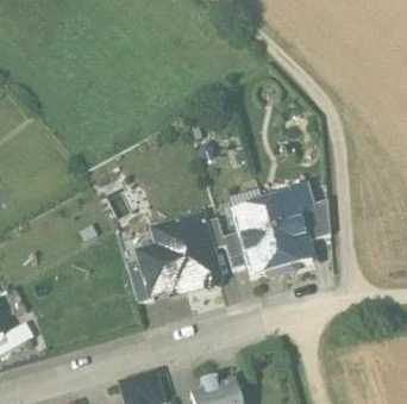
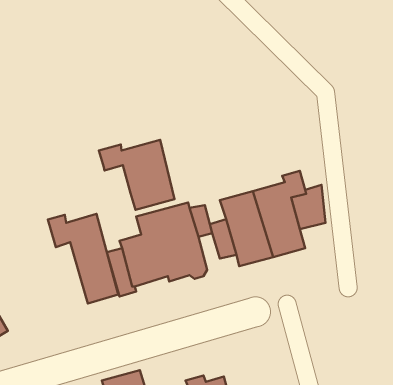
building: none -> [99,140,174,210]
building: none -> [48,214,118,303]

